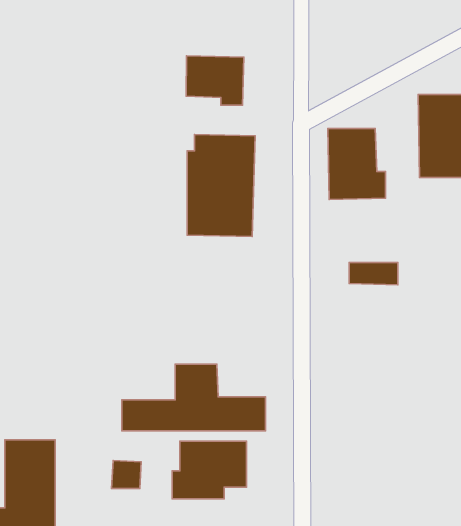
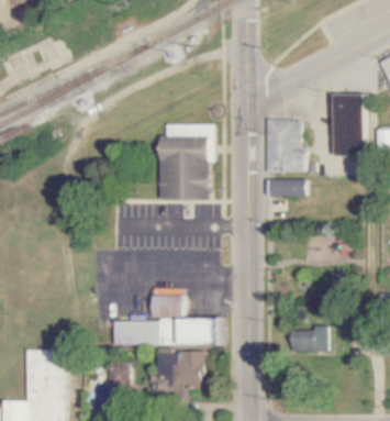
building: [186,56,244,105] -> none
building: [349,263,398,285] -> [268,180,304,197]
building: none -> [291,325,326,351]

